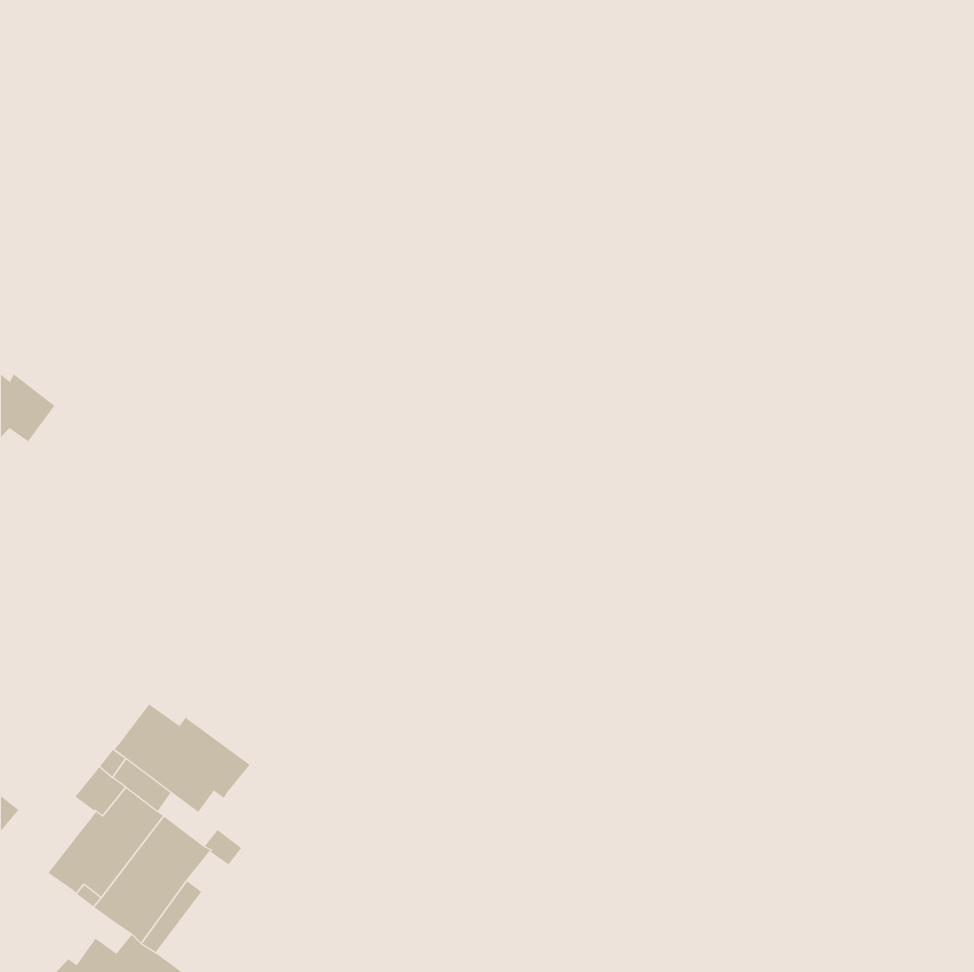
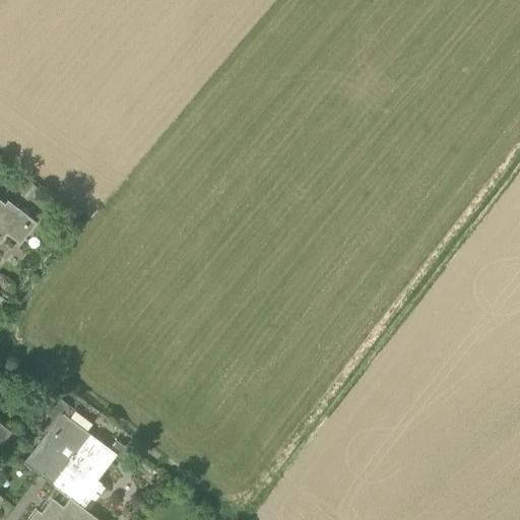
building: [114,703,250,813] -> none

